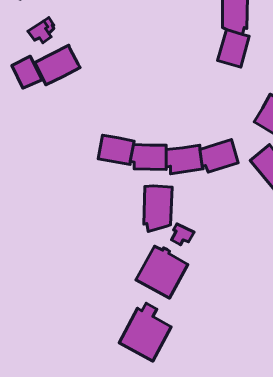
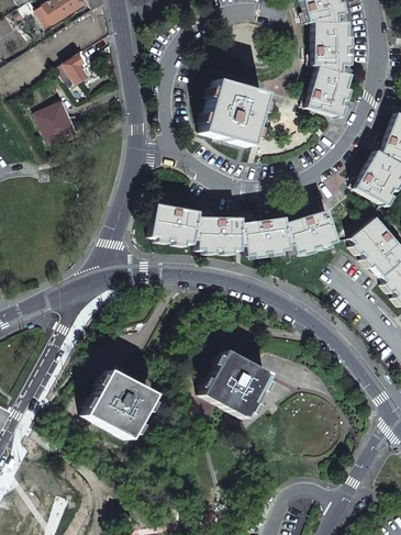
building: none -> [202,80,265,145]
building: [35,45,80,85] -> none
building: [144,186,172,231] -> none
building: [171,224,194,245] -> none
building: [119,303,171,361] -> [85,363,153,438]

